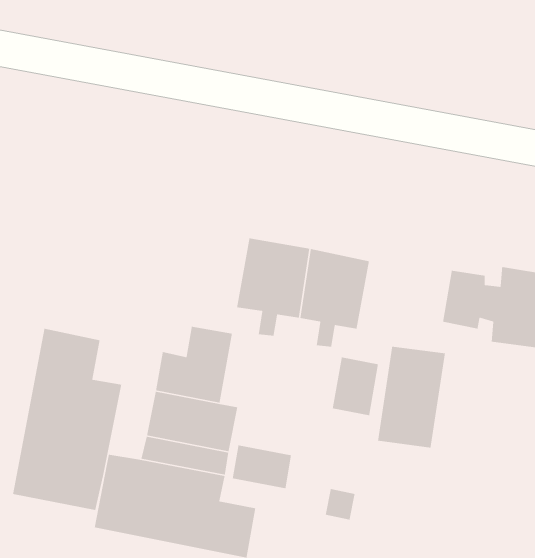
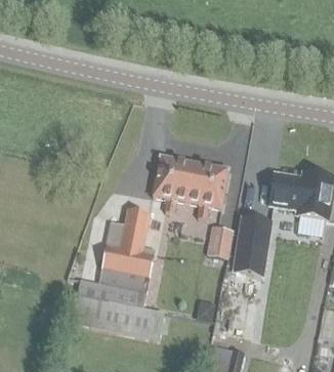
building: [12,328,122,511] -> none
building: [232,444,292,489] -> none

